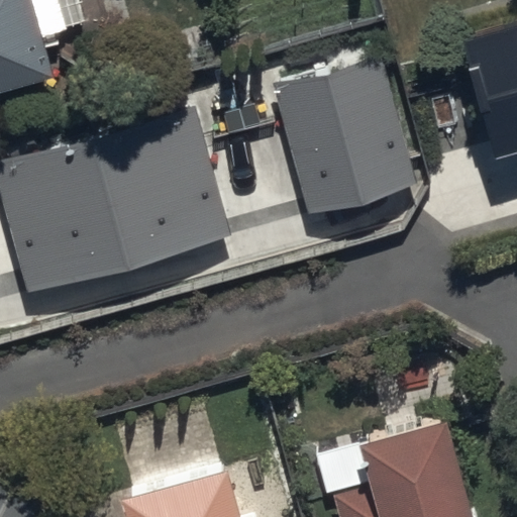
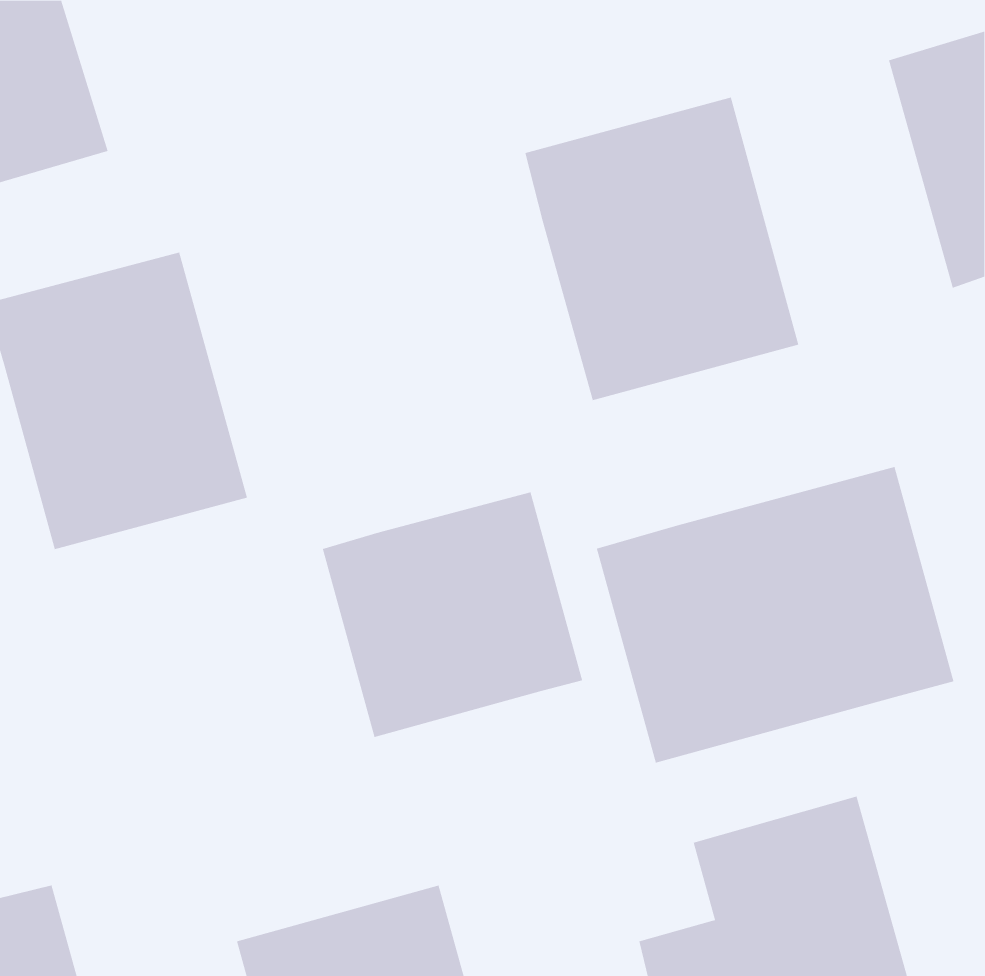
building: [94,110,230,267] -> none
building: none -> [596,466,954,764]
building: none -> [322,491,583,738]

